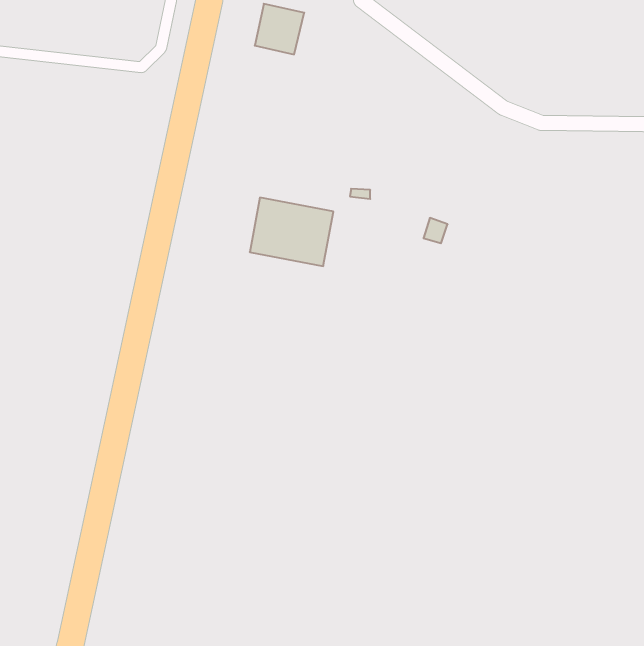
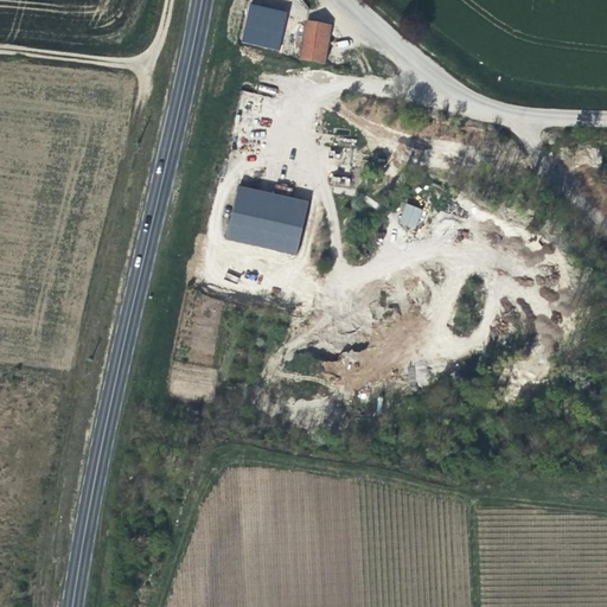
building: none -> [298,25,327,66]

